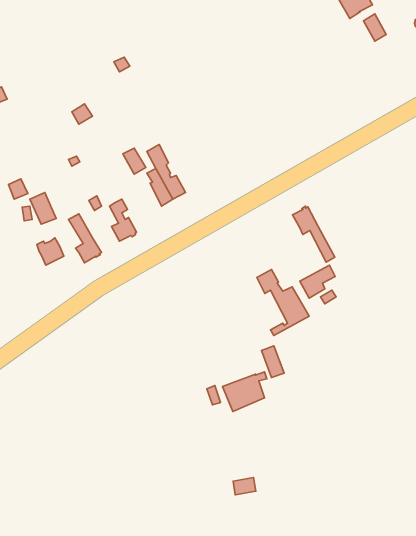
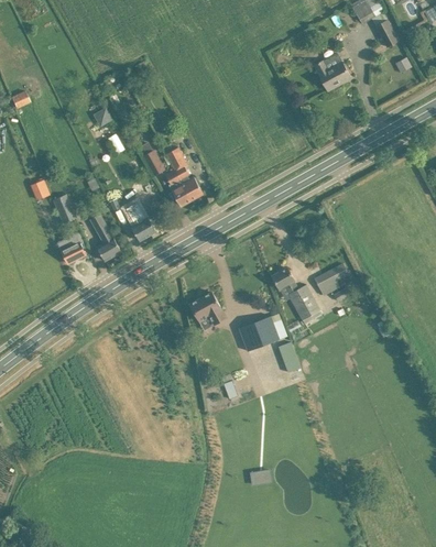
building: none -> [314,54,350,90]
building: [293,206,335,262] -> none
building: none -> [189,292,225,324]
building: [223,372,267,412] -> [238,313,281,351]

